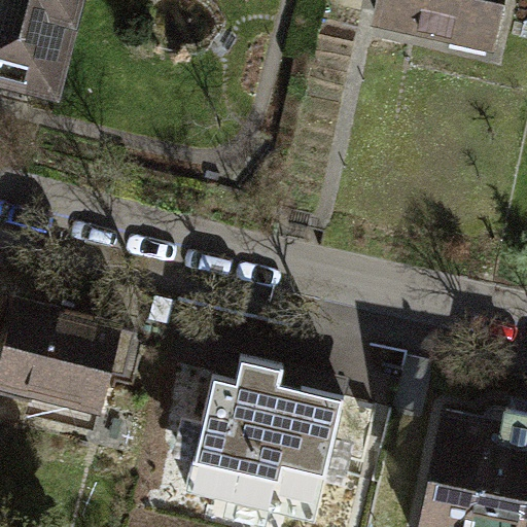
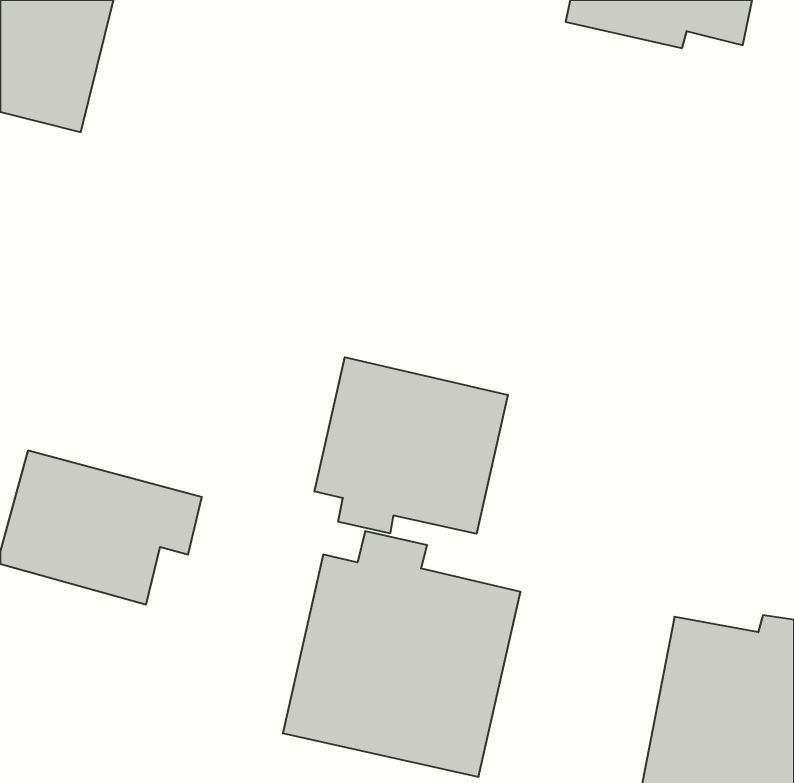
building: none -> [314,357,508,534]

